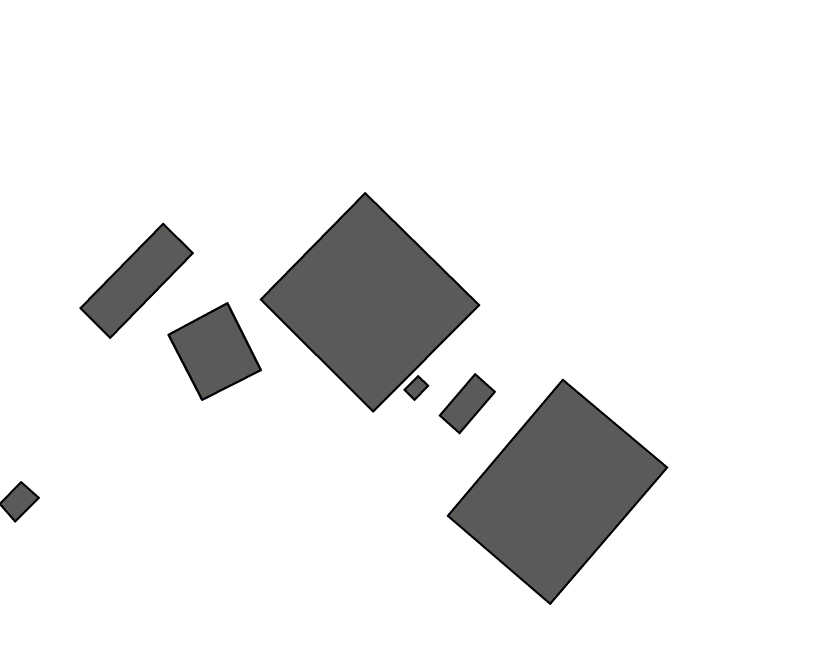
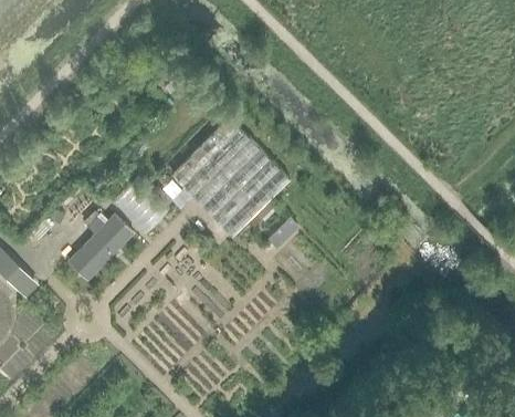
building: [81,224,193,338] -> [69,217,132,281]
building: [448,380,667,604] -> none

